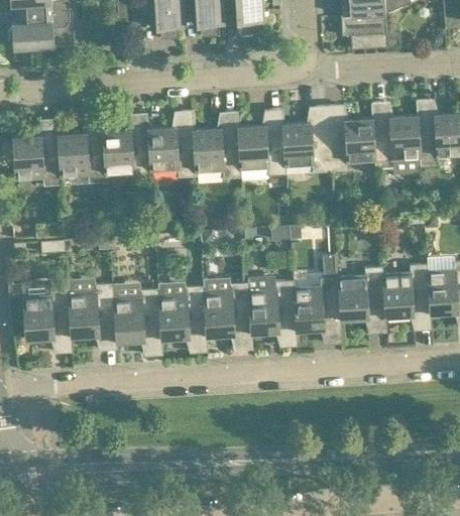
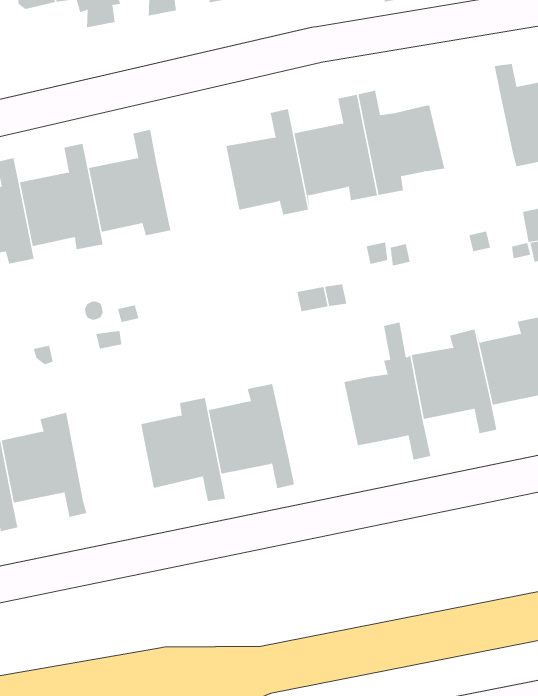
building: [371,100,421,167] -> none
building: [193,110,241,177] -> none
building: [247,278,297,346] -> none
building: [113,281,162,354] -> none

